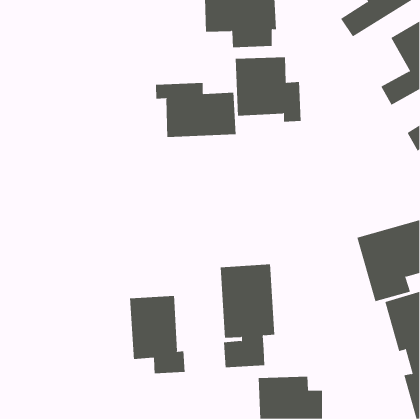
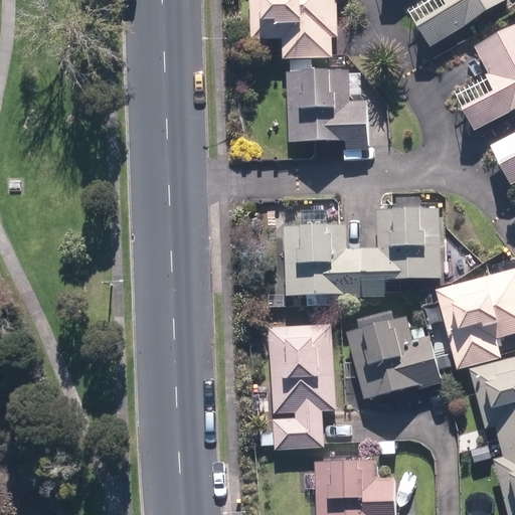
building: [155,82,236,138] -> none
building: none -> [284,208,441,297]
building: none -> [347,316,441,397]
building: [130,295,185,374] -> none

